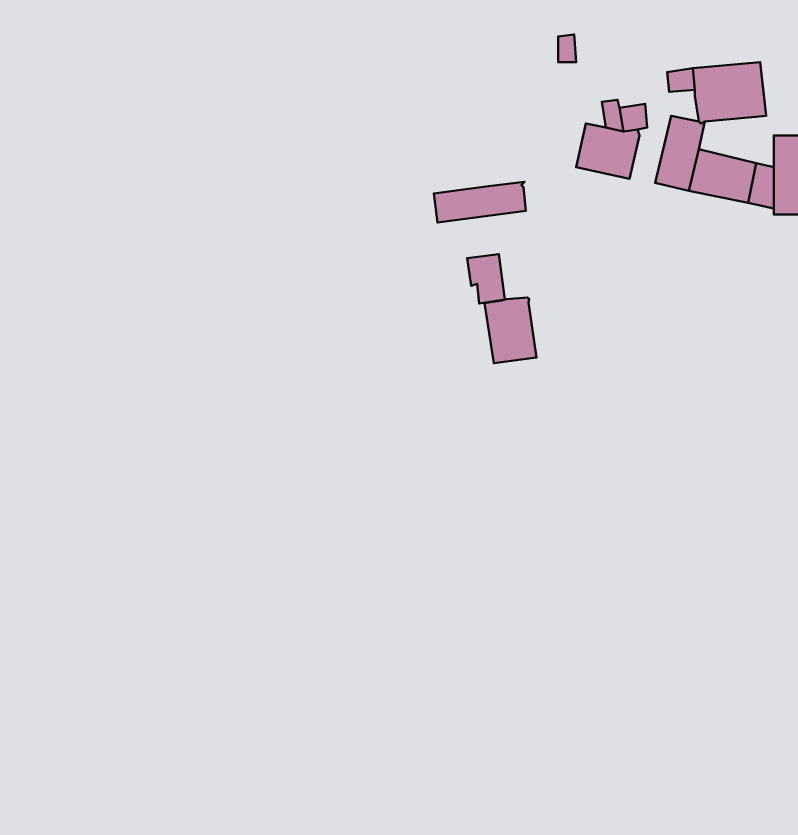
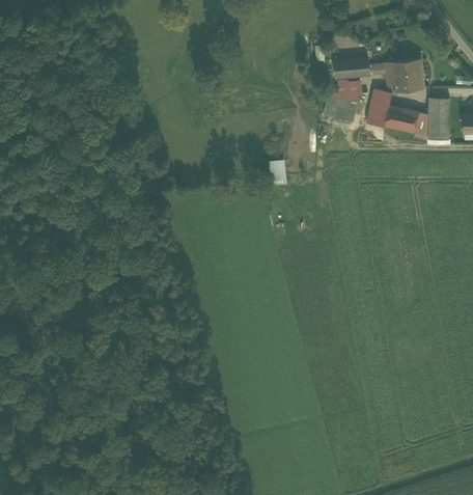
building: none -> [334,57,369,77]
building: [434,182,526,222] -> none
building: [485,297,536,363] -> none

